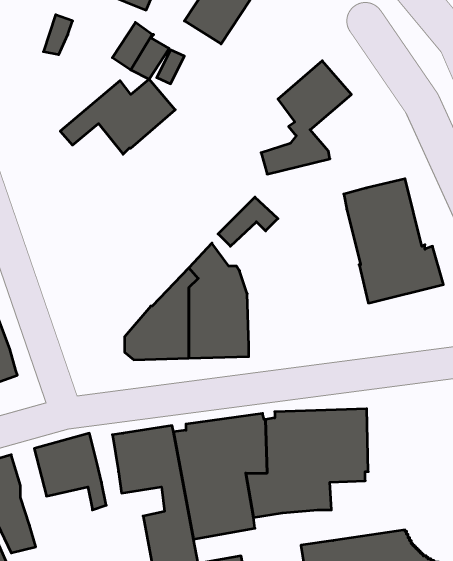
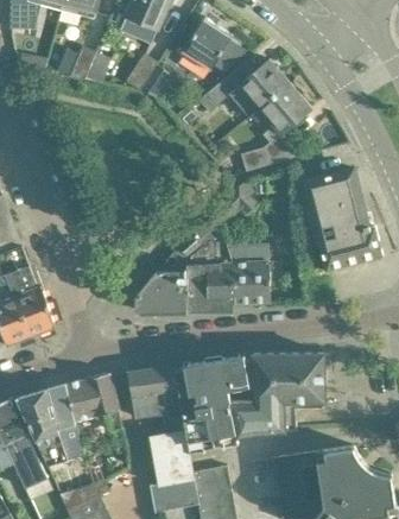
building: [60,79,175,154] -> [200,58,289,116]
building: none -> [224,243,270,303]
building: none -> [48,382,78,442]

